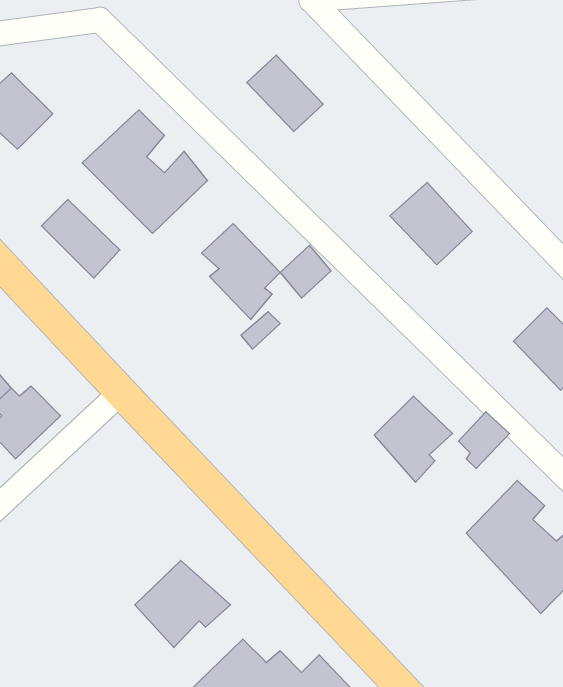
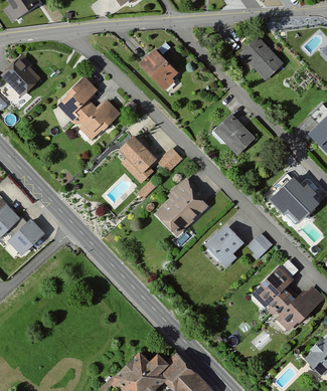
building: none -> [239,35,285,80]
building: [41,199,120,278] -> none
building: none -> [153,175,212,237]
building: [135,560,231,648] -> none

